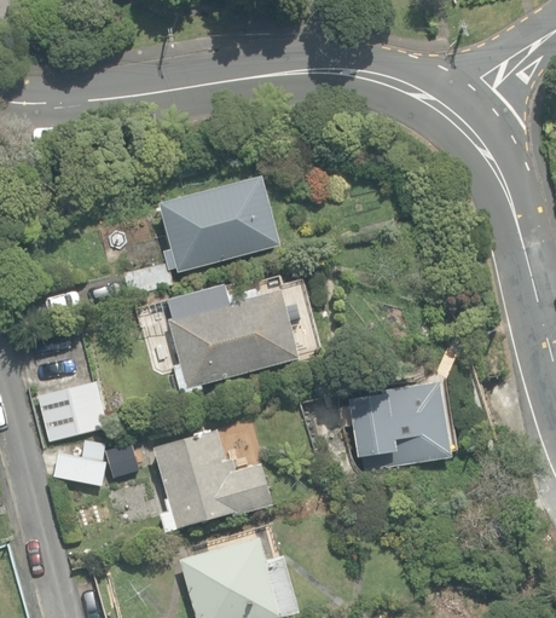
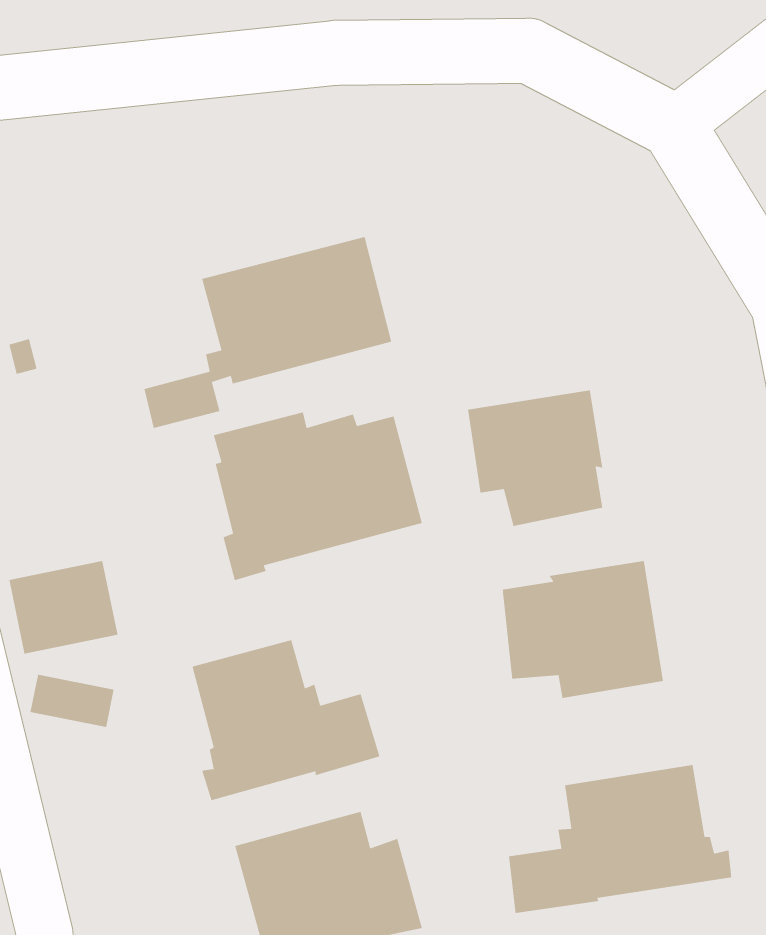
building: none -> [467,389,603,527]
building: none -> [508,764,732,914]

